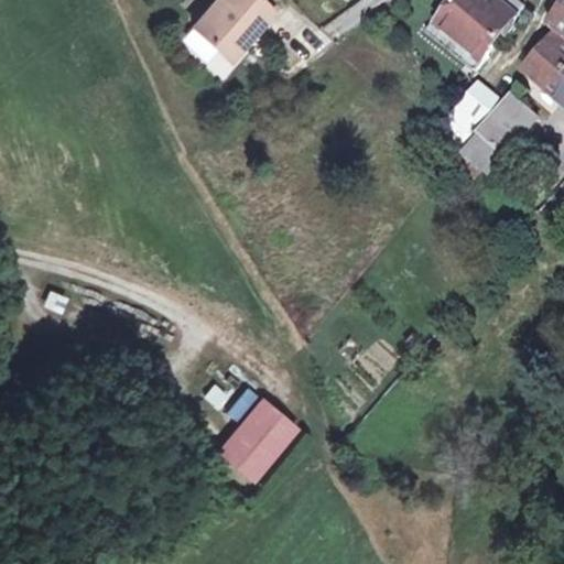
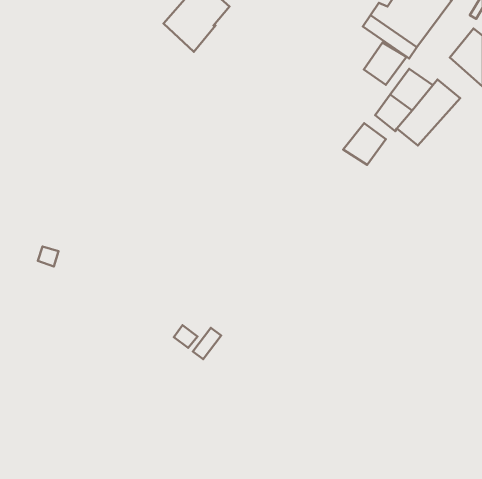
building: none -> [364,42,407,85]
building: none -> [343,123,386,165]
building: [217,395,297,479] -> none

